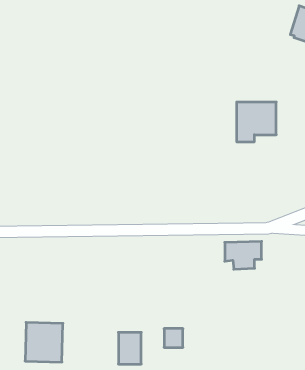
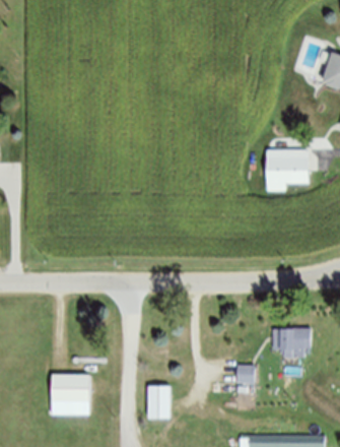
building: [225,241,262,269] -> [273,328,311,357]
building: [164,329,183,347] -> [235,365,255,384]

